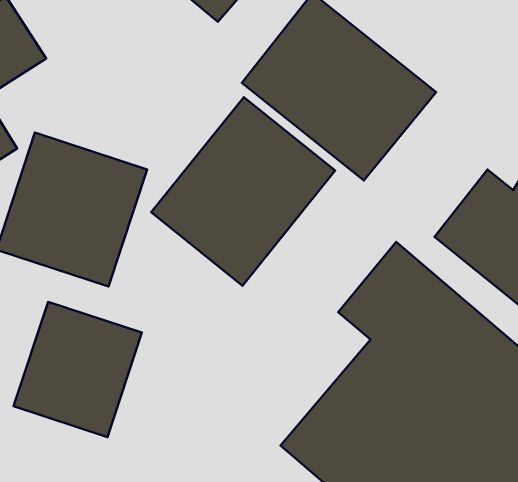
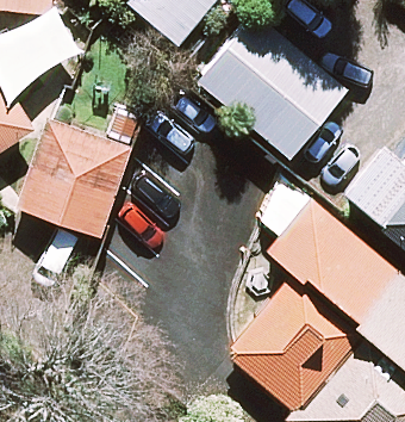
building: [151,97,335,286] -> none
building: [14,302,142,437] -> none

